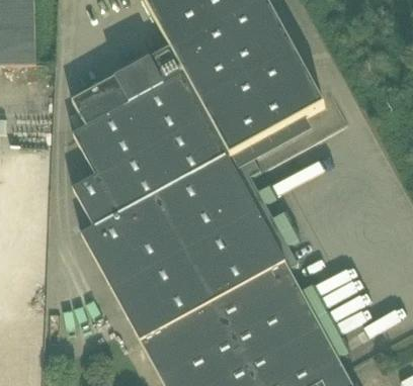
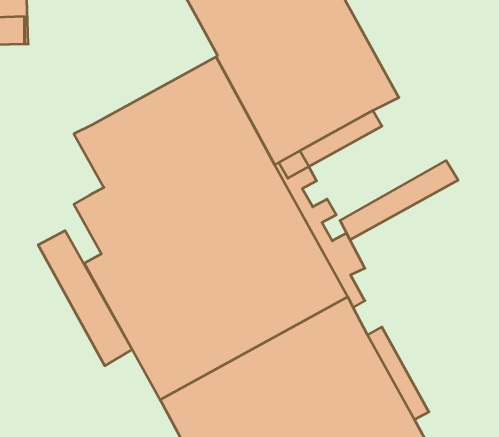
building: [71,46,183,126] -> none
building: none -> [340,161,458,240]
building: none -> [38,231,132,366]

